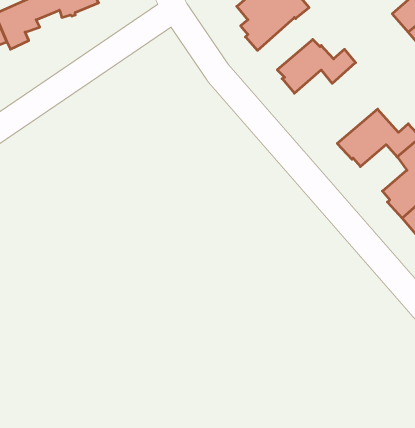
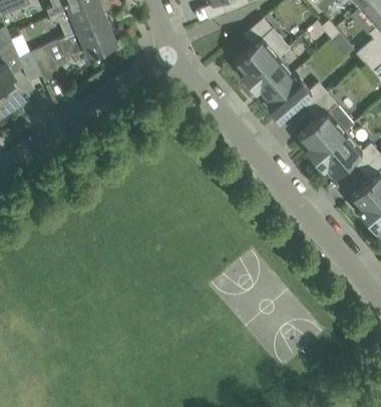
building: none -> [247,57,292,100]
building: none -> [297,94,353,161]

